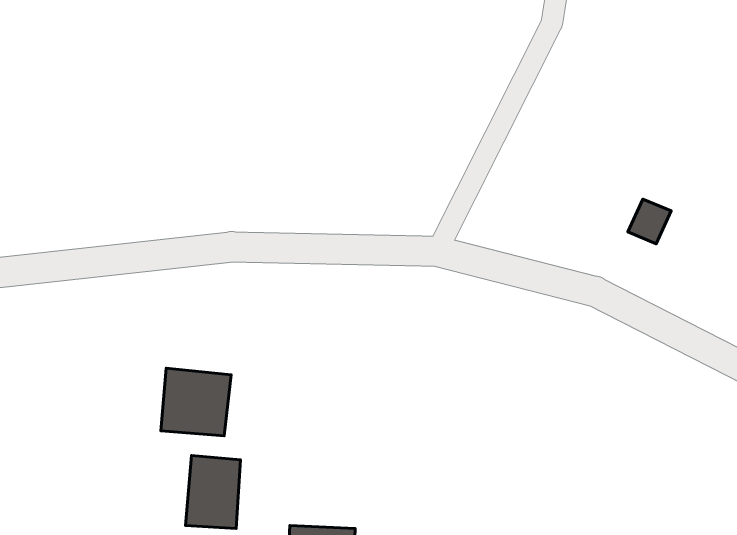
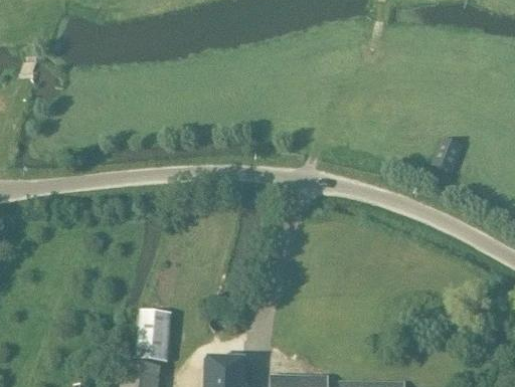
building: [161,368,231,436] -> none

